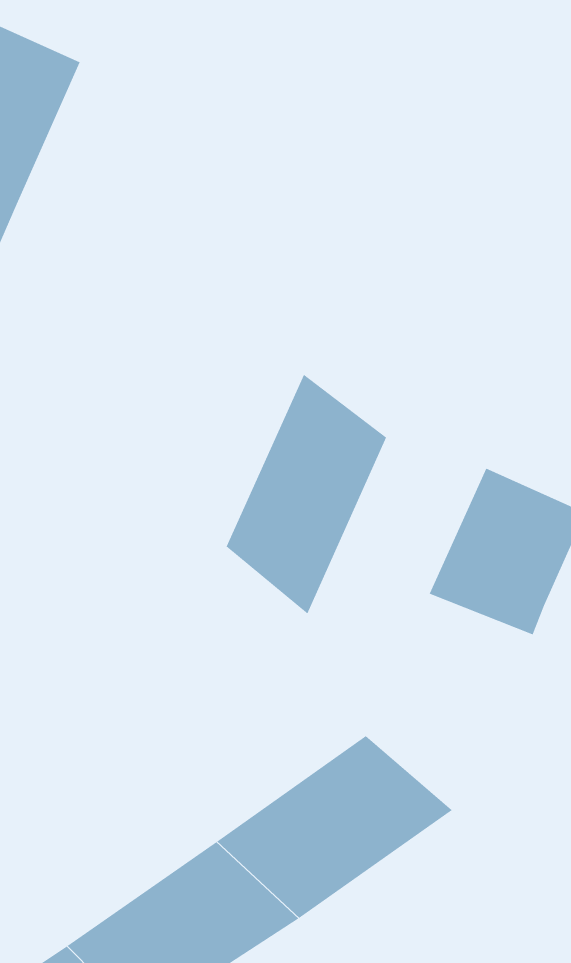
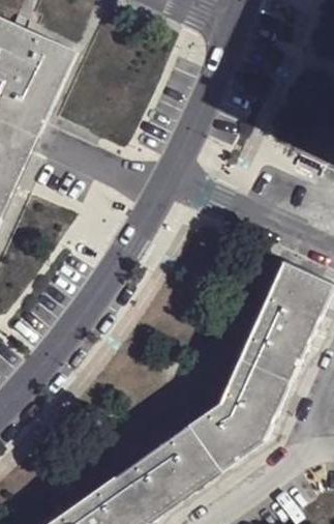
building: [226,374,387,615] -> none
building: none -> [219,327,307,441]

